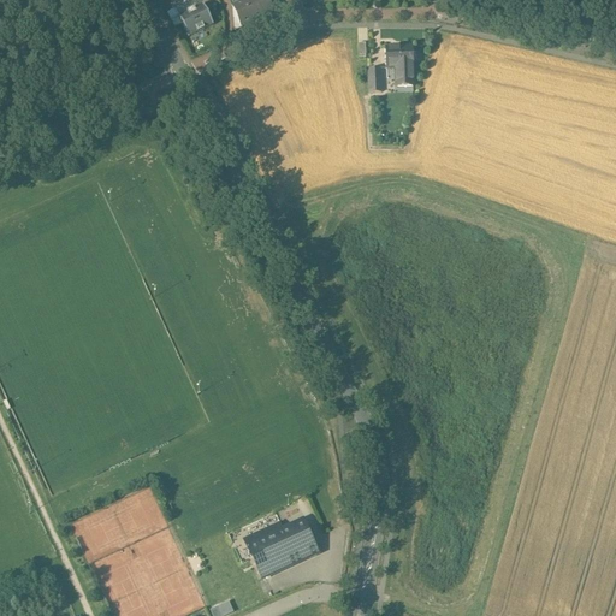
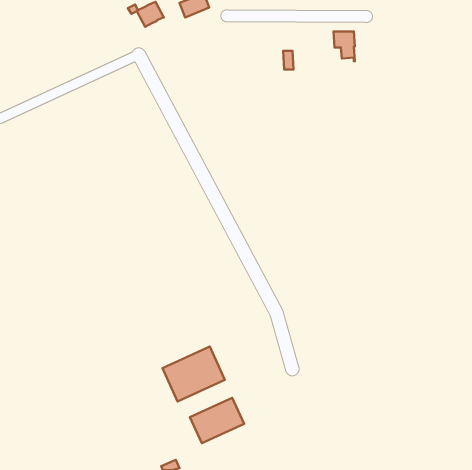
building: [386,46,414,84] -> [334,32,355,61]
building: none -> [162,347,225,402]

